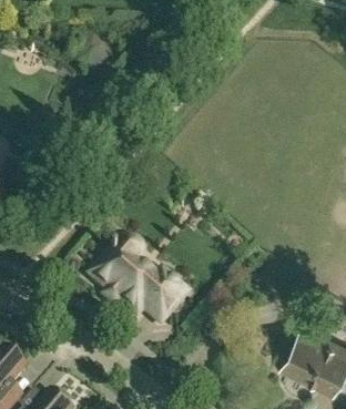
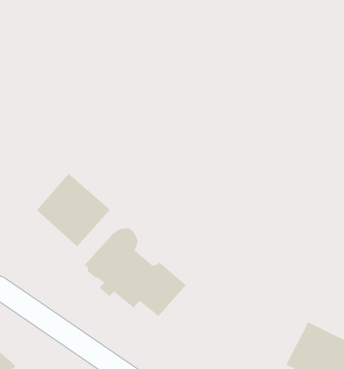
building: none -> [36,173,111,247]

